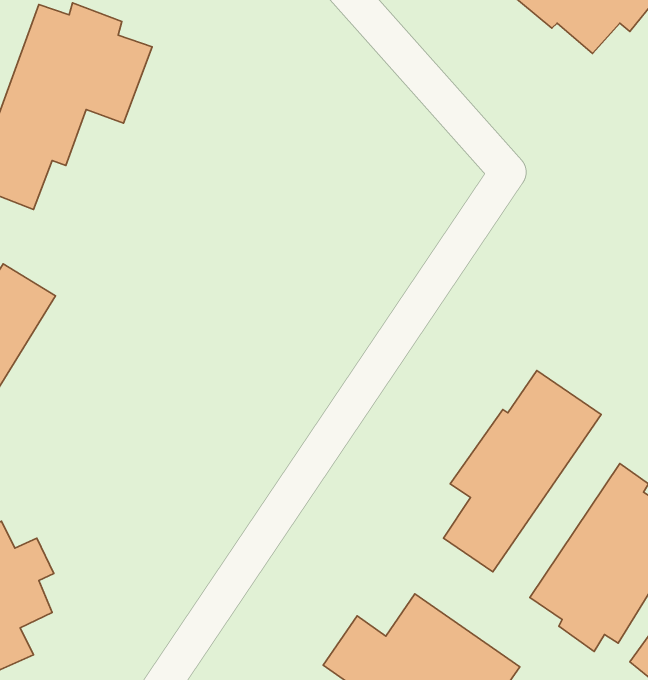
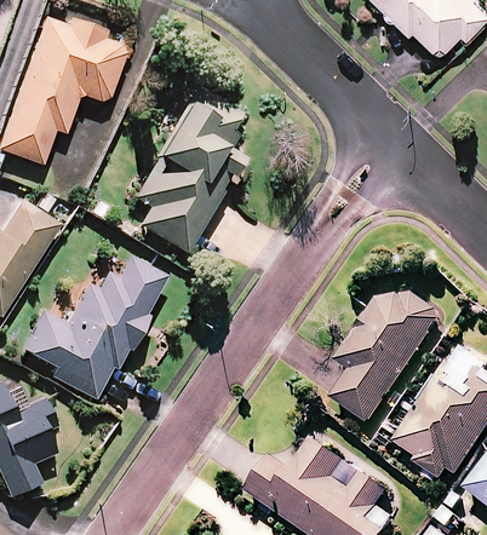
building: none -> [136,87,244,252]
building: none -> [24,258,166,398]

